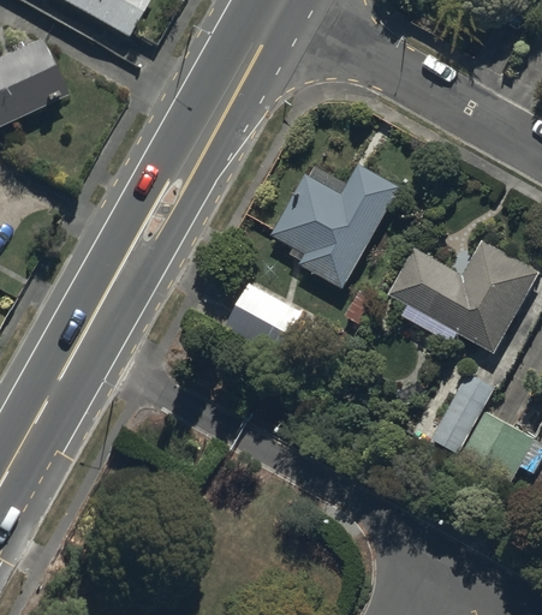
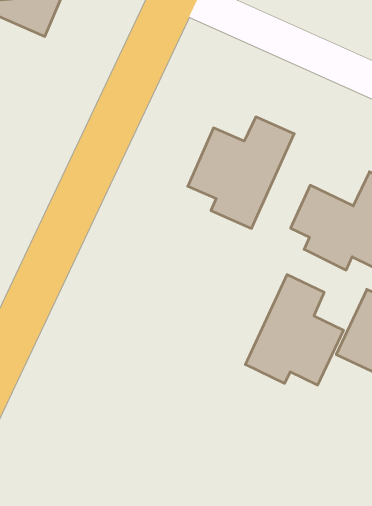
building: [224,280,300,354] -> none
building: none -> [245,275,343,385]

